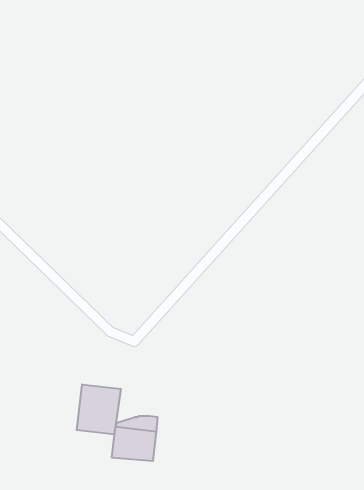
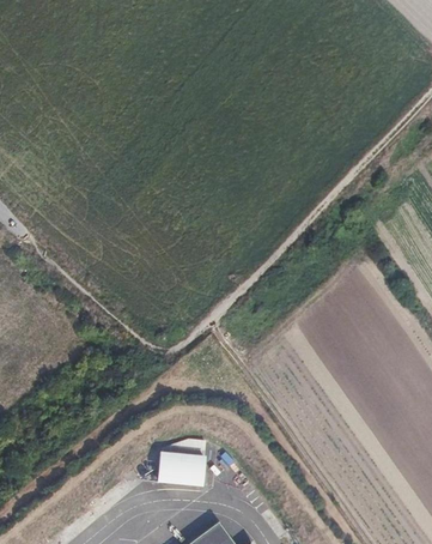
building: [77,384,121,434] -> none

